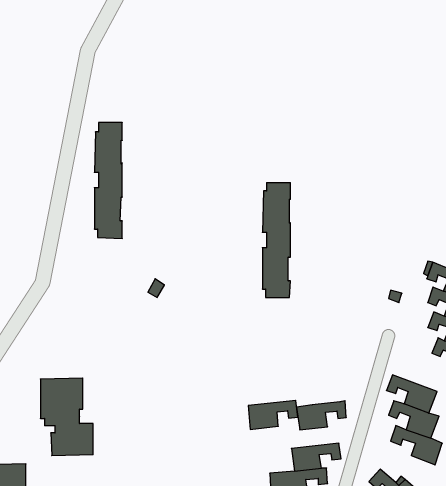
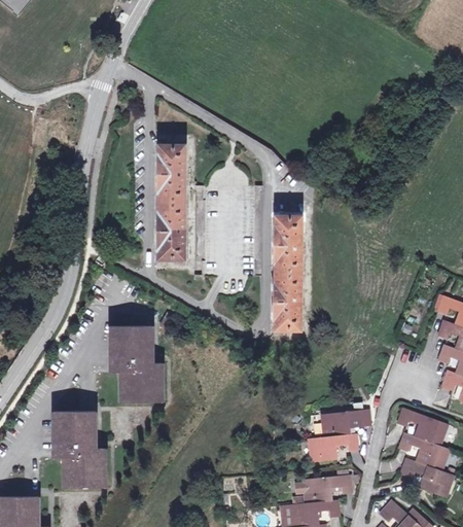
building: [94,123,122,238] -> [157,145,185,260]
building: none -> [110,325,163,402]
building: [248,400,298,429] -> [321,409,370,437]

